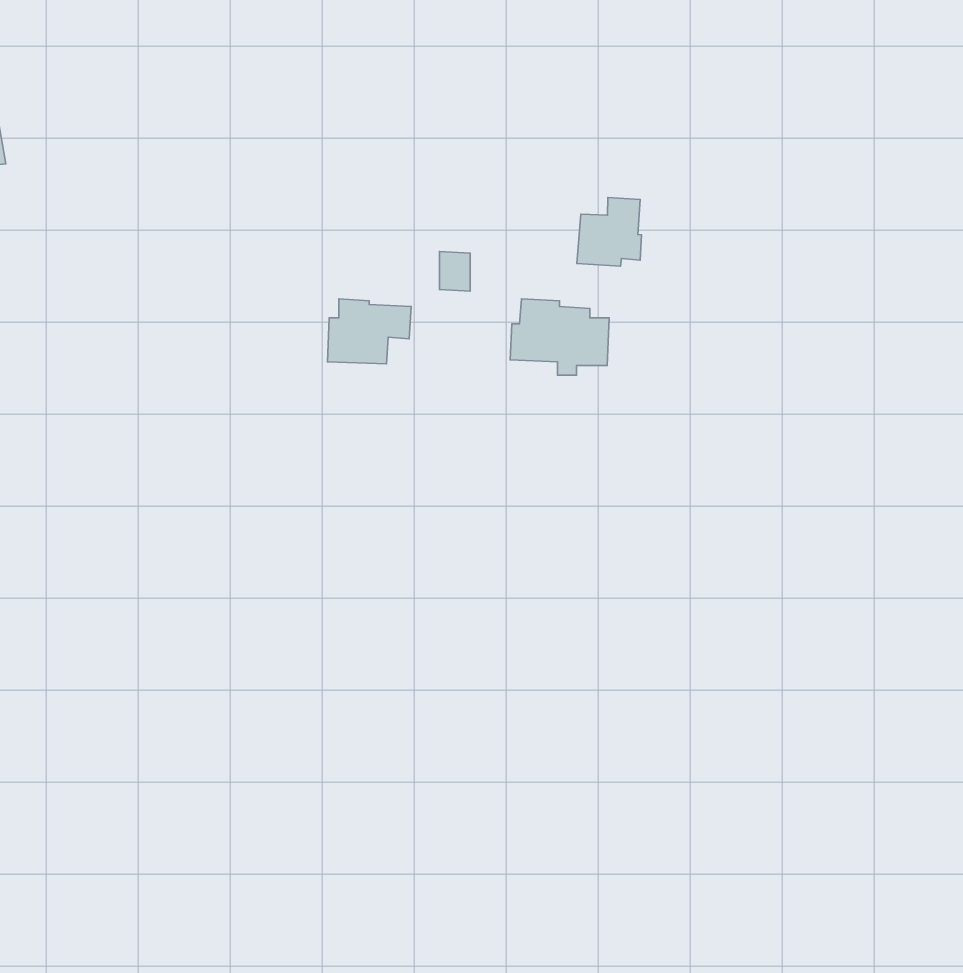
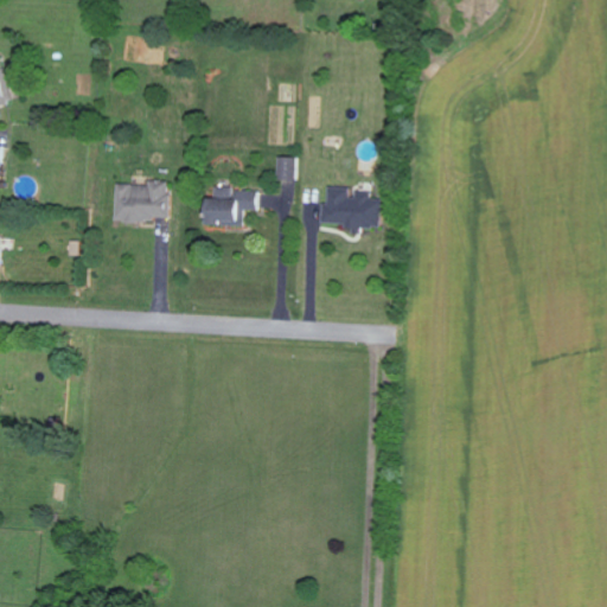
building: [577,198,642,266] -> none
building: none -> [111,180,166,223]

